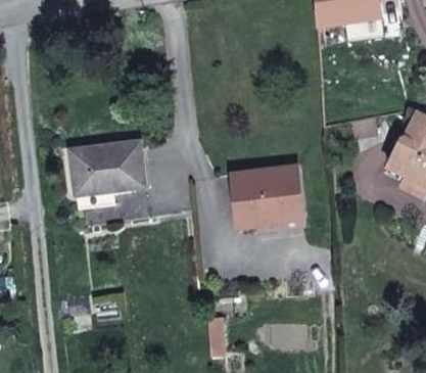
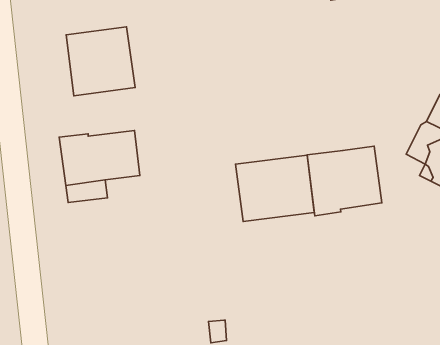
building: none -> [66,27,135,96]
building: none -> [307,146,382,216]

